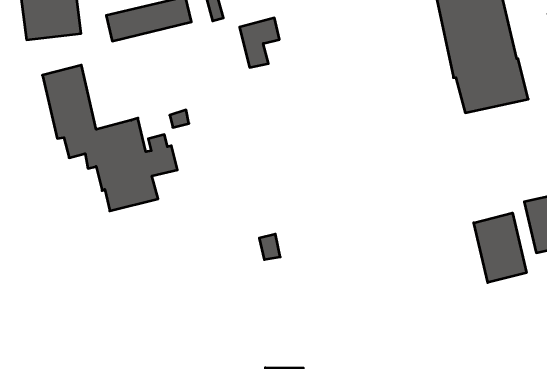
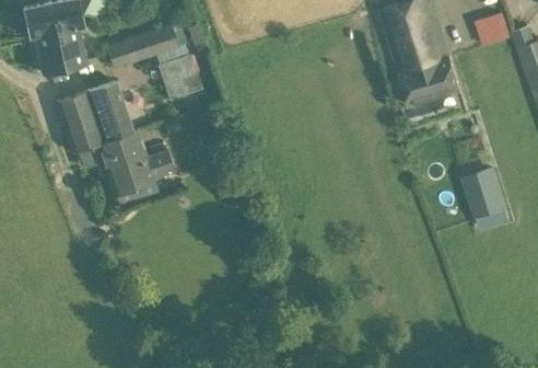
building: [240,18,279,67] -> [161,57,195,100]
building: none -> [90,82,134,143]
building: [474,213,526,283] -> none

